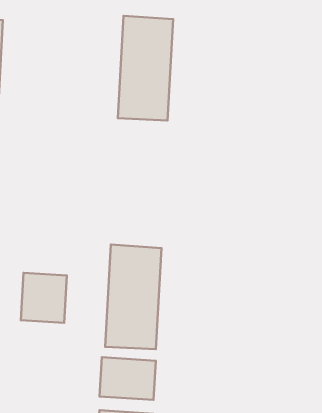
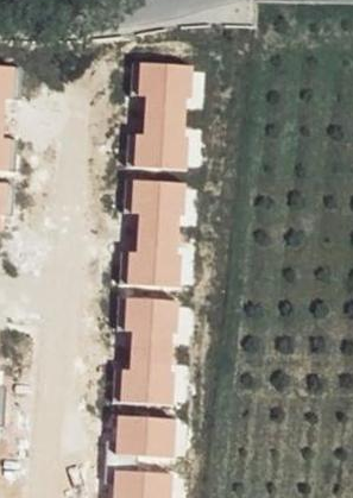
building: none -> [126,179,183,288]
building: [21,273,67,323] -> none

